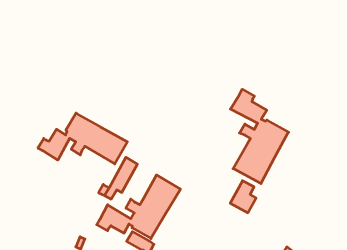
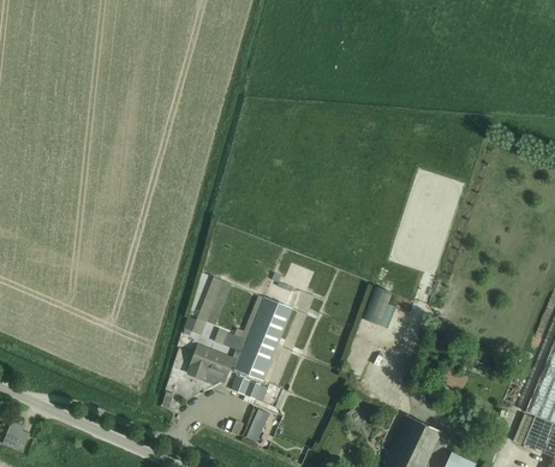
building: [230,89,289,184] -> none
building: [38,113,127,164] -> none

